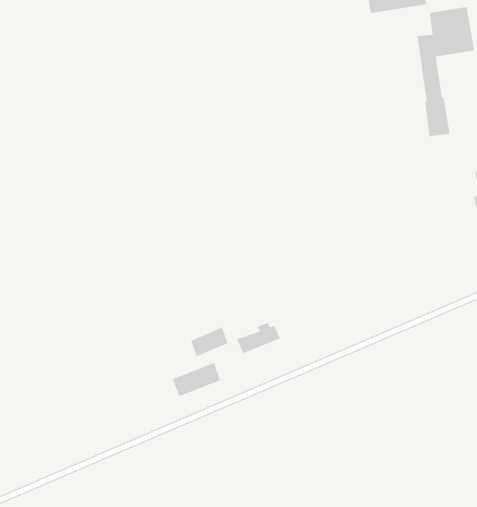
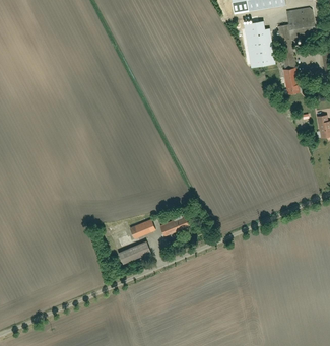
building: none -> [245,26,275,67]

